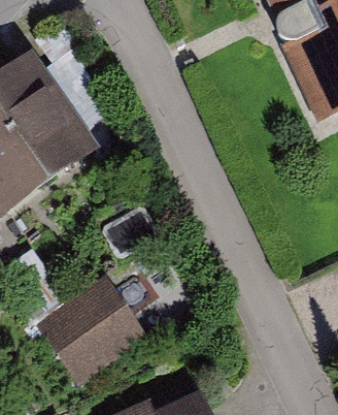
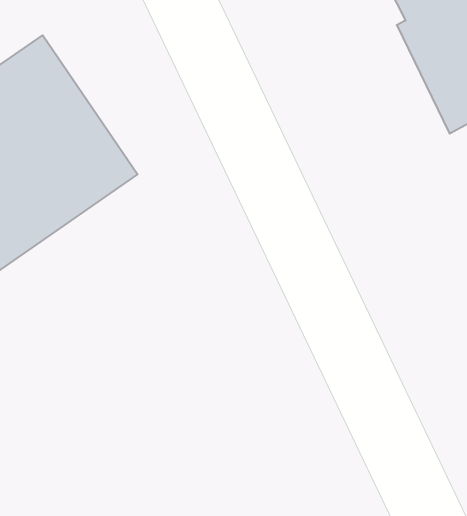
building: [34,269,146,380] -> none

